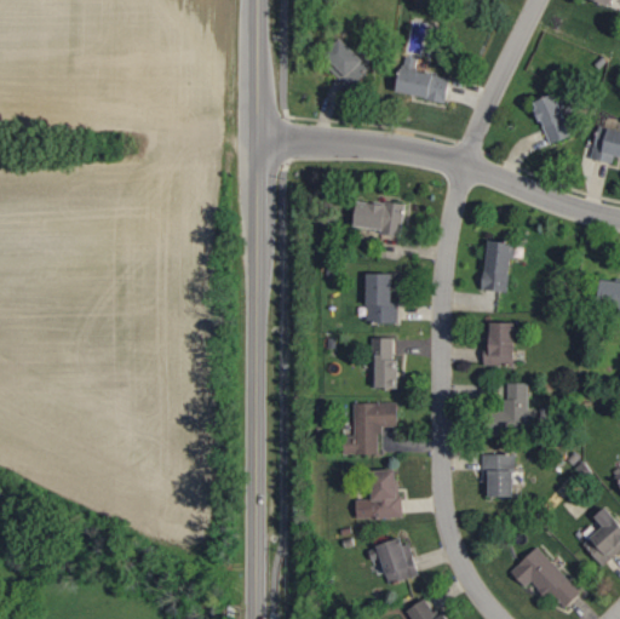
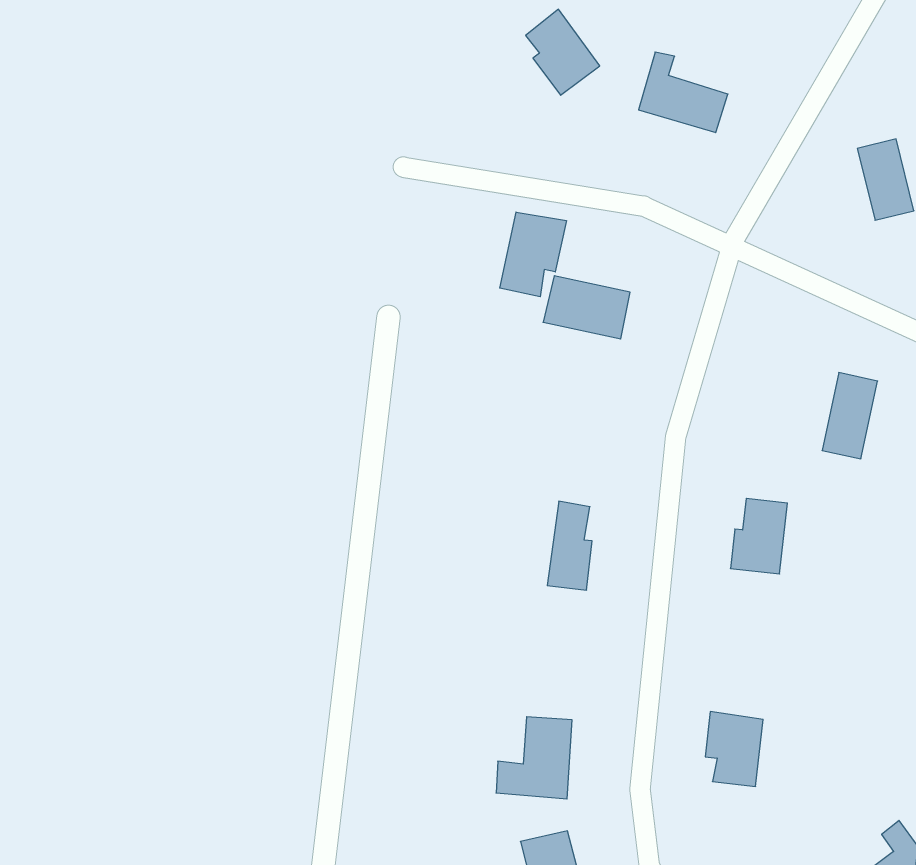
building: none -> [500,212,566,297]
building: [482,241,511,292] -> [822,373,878,459]
building: [366,274,397,323] -> none
building: [493,383,527,432] -> none
building: [341,402,397,454] -> none

